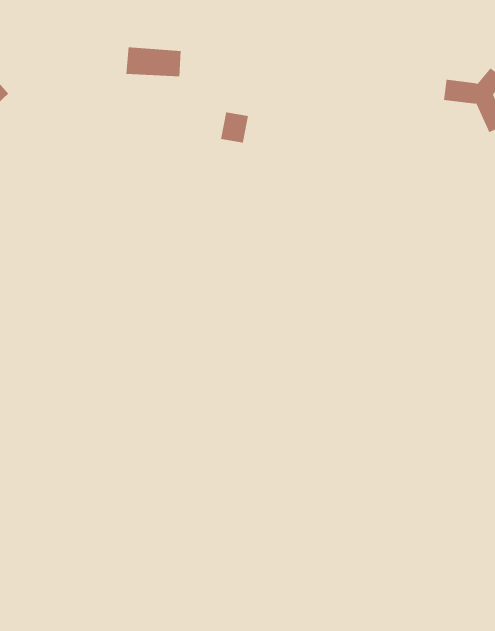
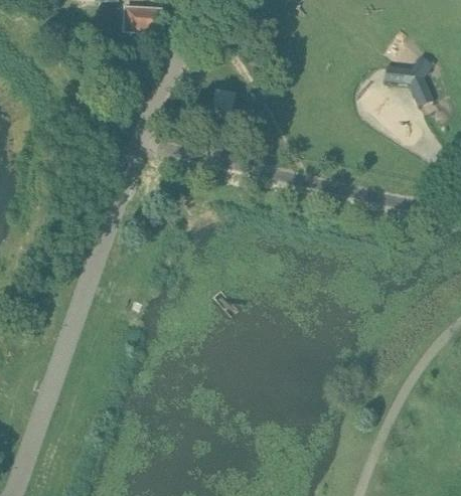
building: [125,47,181,77] -> [119,5,162,28]

